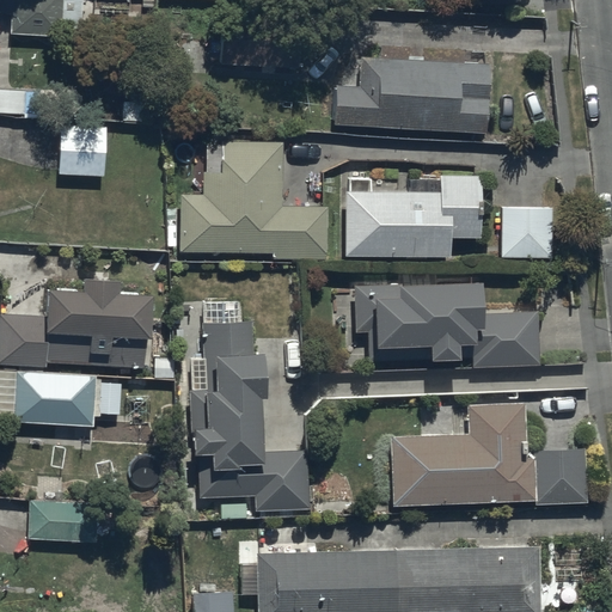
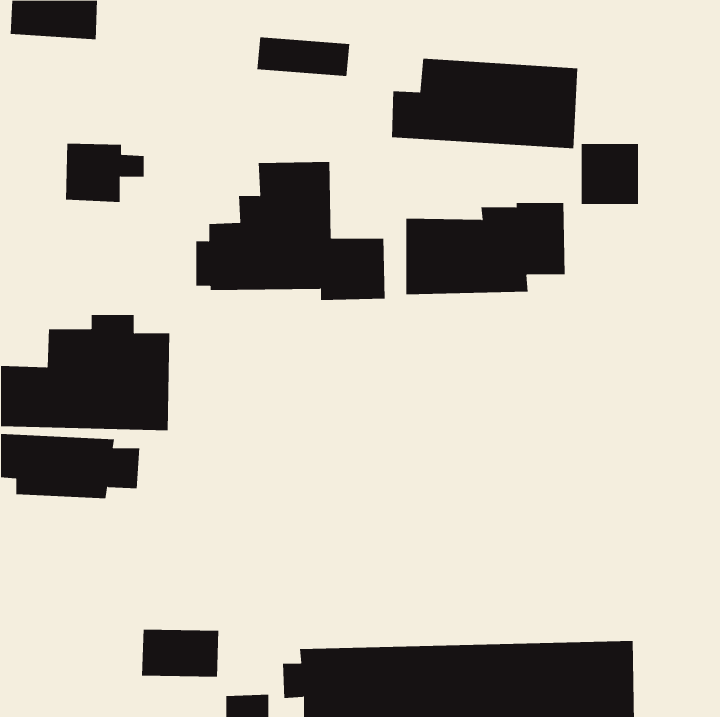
building: [502,207,551,258] -> [581,144,639,205]
building: [354,275,540,368] -> none
building: [191,302,310,512] -> none
building: [391,400,587,507] -> none
building: [26,502,92,543] -> [141,629,219,677]

